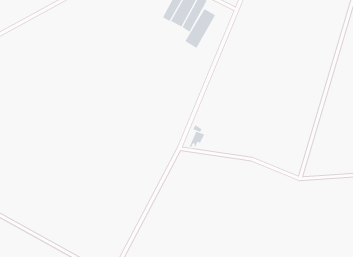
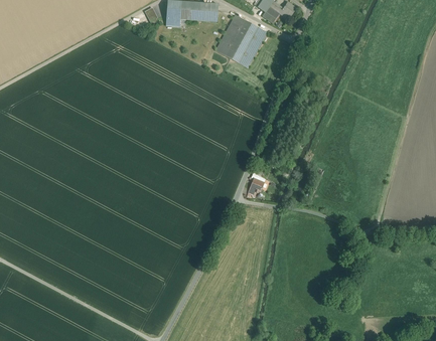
building: [184,8,216,49] -> none

